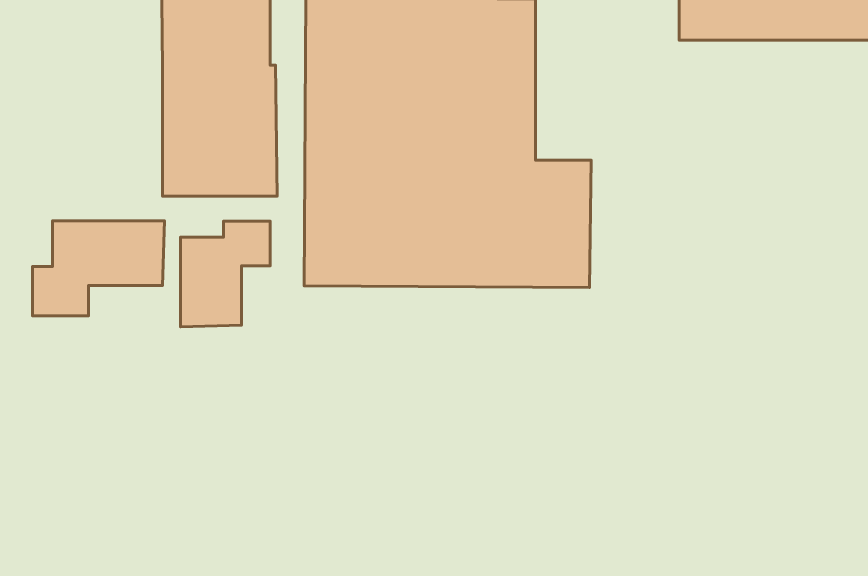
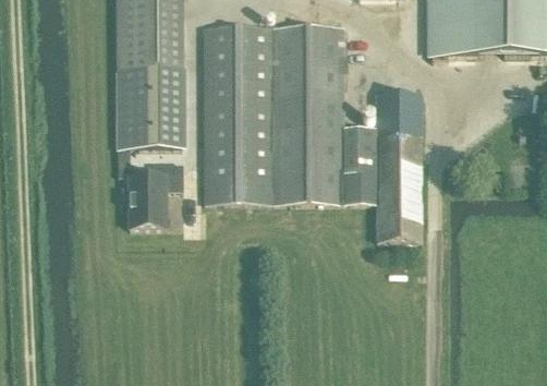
building: none -> [376,92,423,239]
building: [32,221,165,316] -> none

